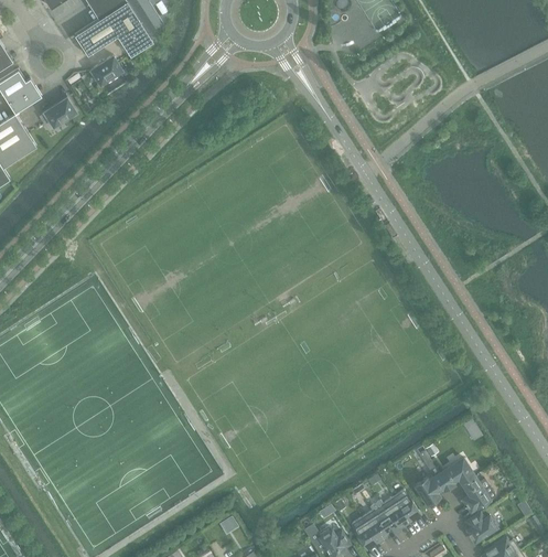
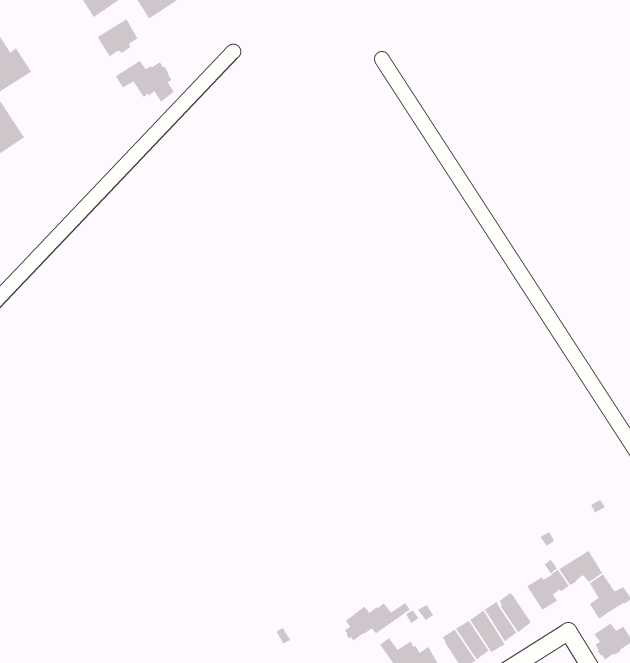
building: none -> [115,60,176,103]
building: [39,98,75,126] -> none
building: none -> [344,602,411,641]

